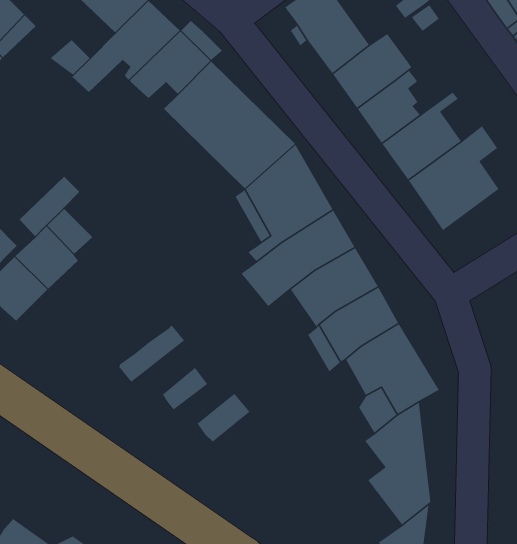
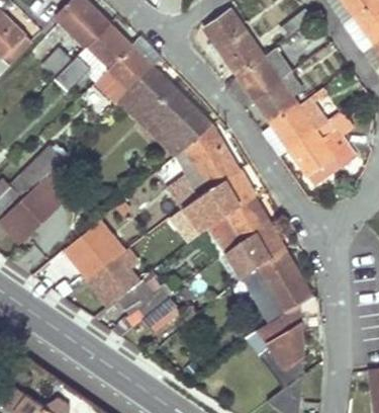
building: none -> [66,220,124,277]

